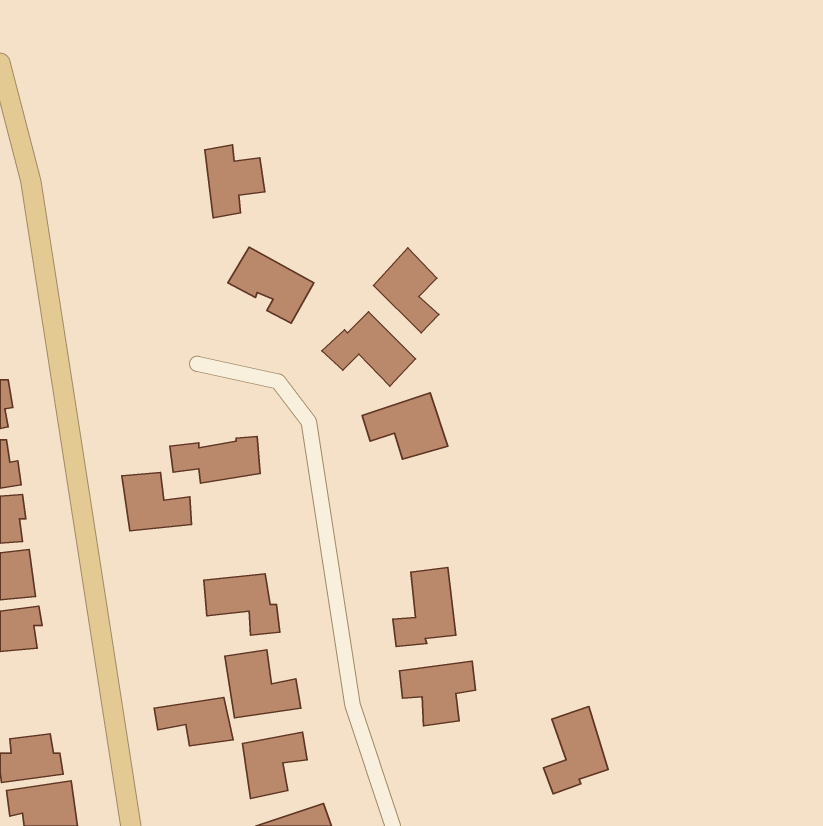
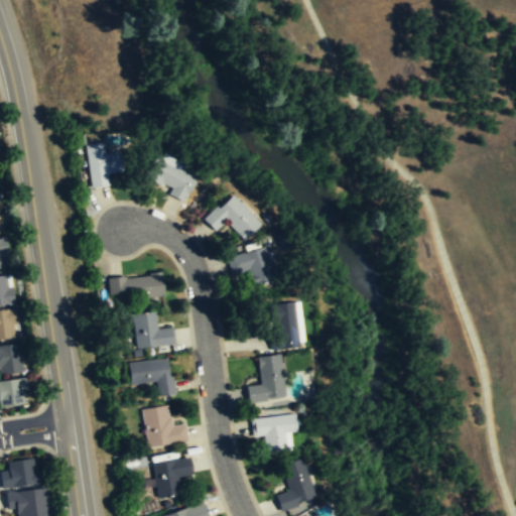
building: [205,145,265,218] -> [87,142,124,187]
building: [374,248,439,333] -> none
building: [122,473,191,531] -> [132,311,175,348]
building: none -> [271,301,301,350]
building: [154,698,233,746] -> none
building: [544,706,608,794] -> [276,457,316,511]

